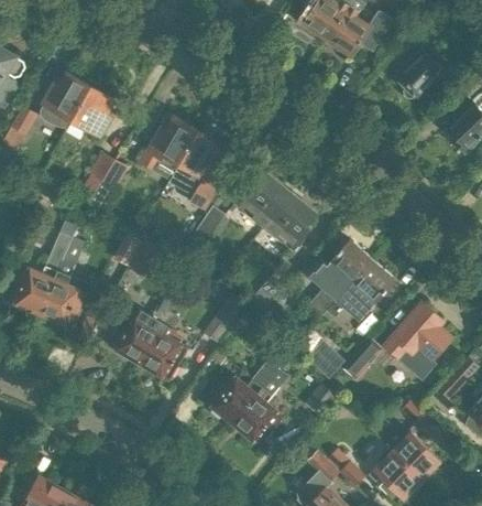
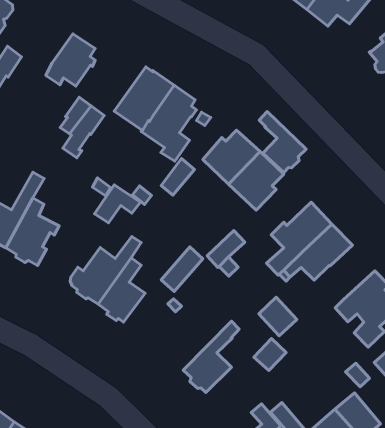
building: [40,73,89,128] -> none
building: none -> [259,112,306,173]
building: [342,336,384,379] -> none
building: [207,344,291,422] -> none

